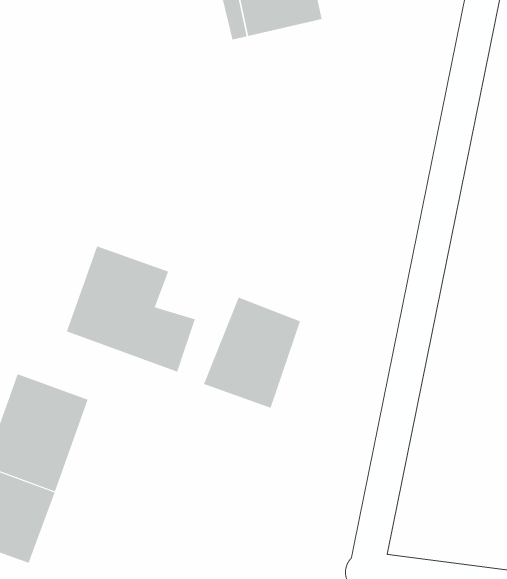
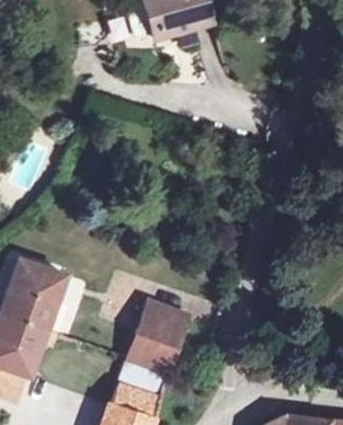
building: [66,245,195,373] -> none
building: [203,297,301,408] -> [129,312,191,382]

